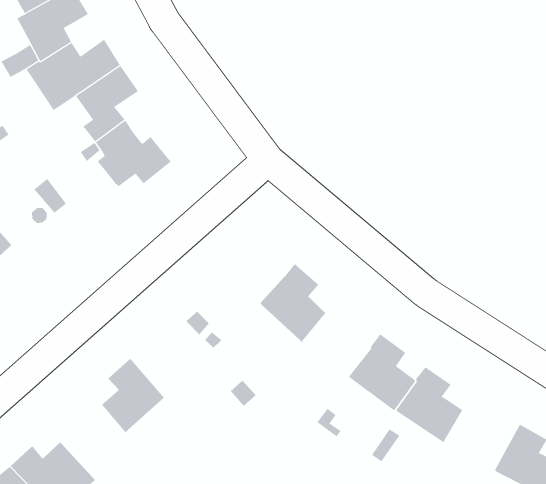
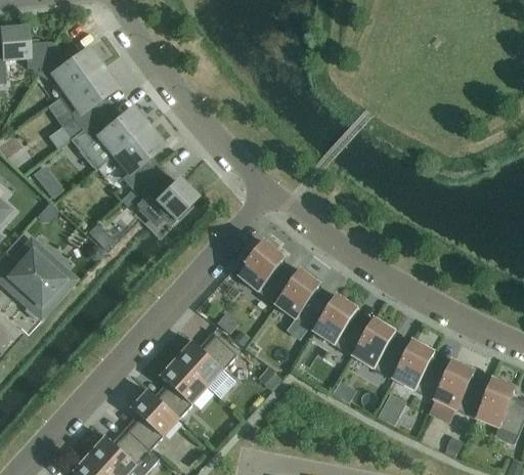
building: none -> [238,240,293,304]
building: none -> [313,294,367,356]
building: none -> [177,331,237,397]
building: none -> [125,389,179,449]
building: none -> [434,359,487,419]

